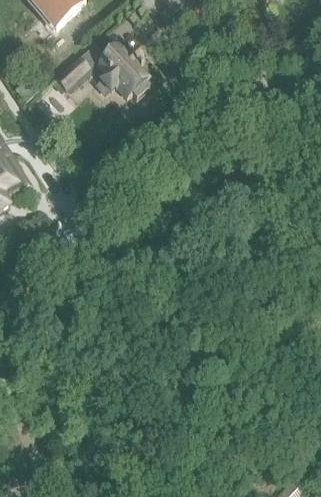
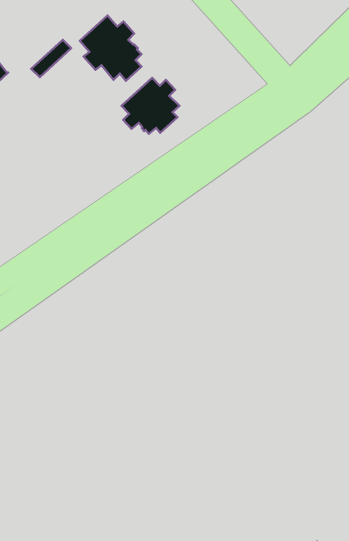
building: none -> [122,78,180,134]

